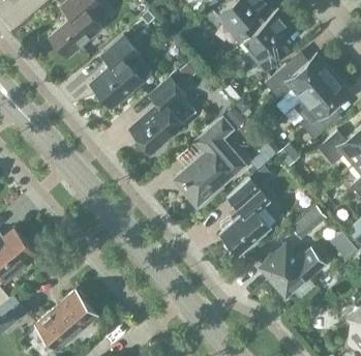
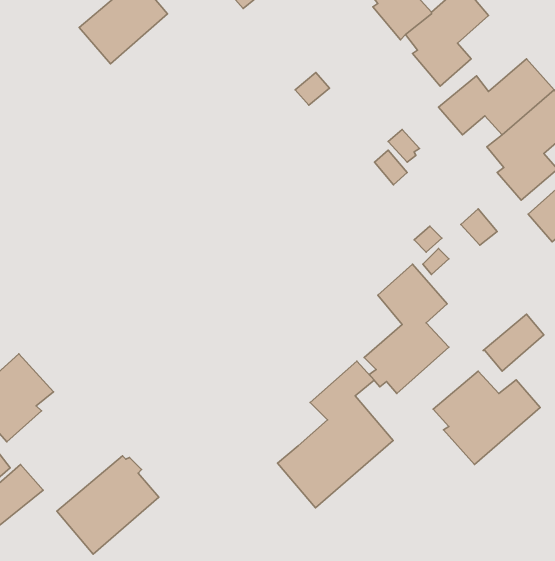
building: [90,36,143,108] -> none
building: [129,77,184,152] -> none
building: [174,118,243,206] -> [277,361,393,508]

